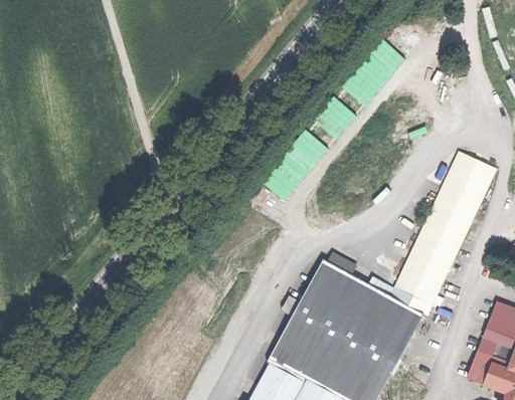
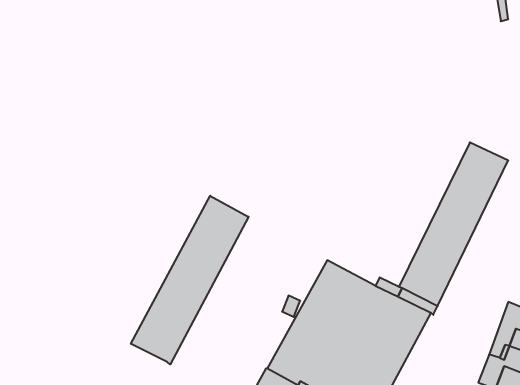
building: none -> [131,196,249,364]

